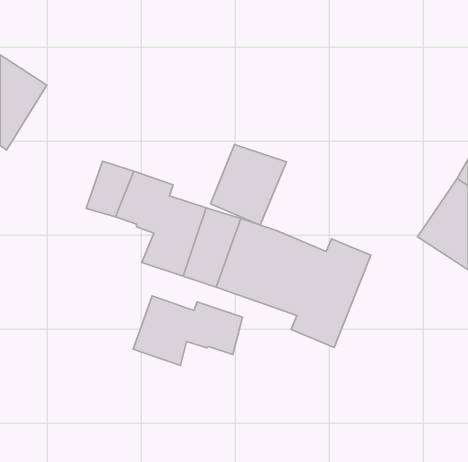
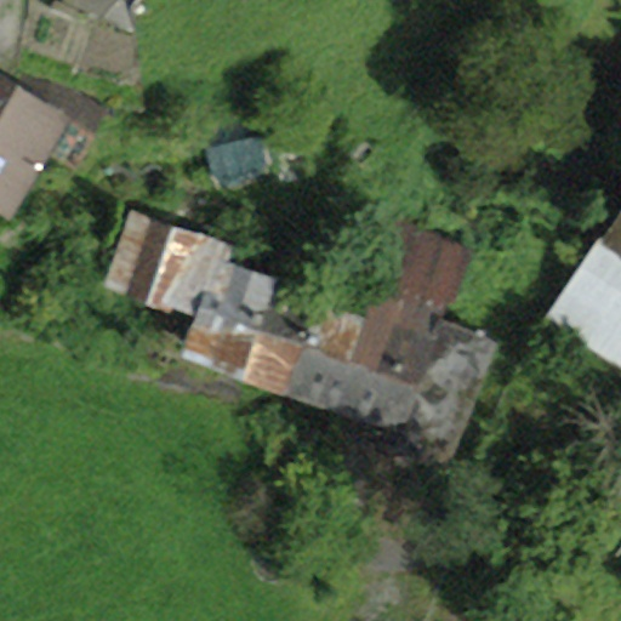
building: [211,145,287,225] -> [366,234,467,341]
building: [133,296,243,365] -> none

